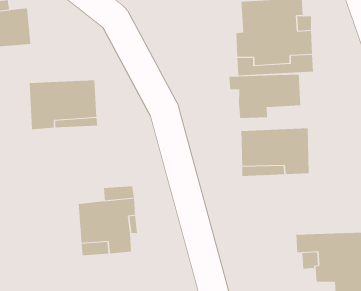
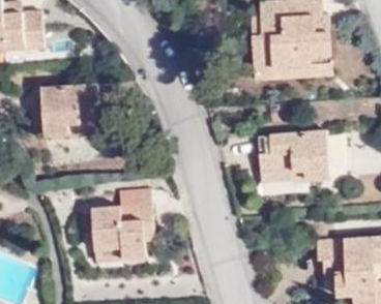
building: [229,74,301,119] -> none

